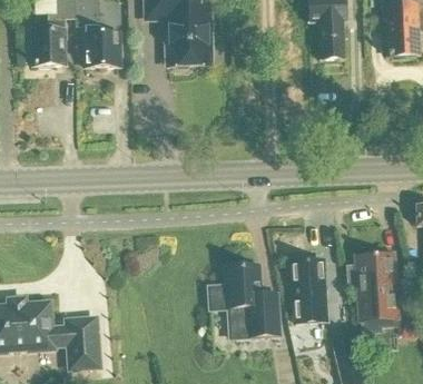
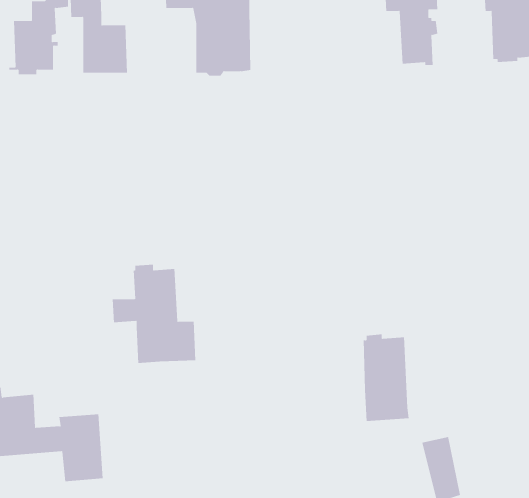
building: [347,254,399,335] -> none
building: [212,262,274,335] -> [112,264,196,363]

